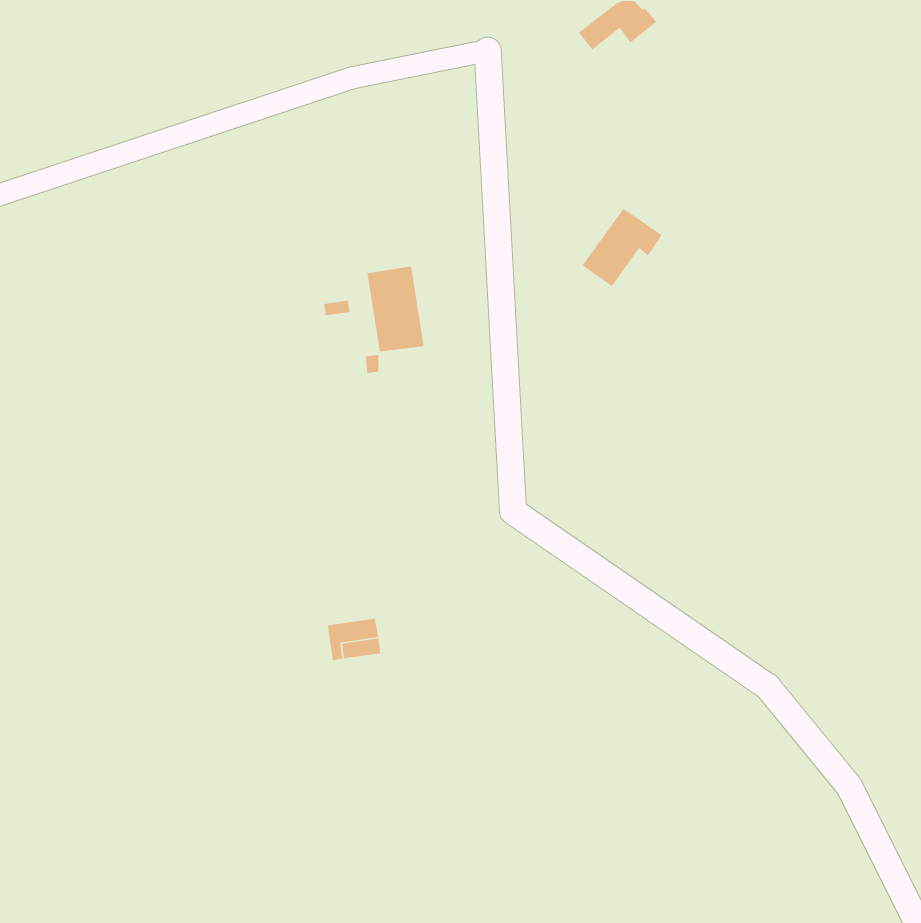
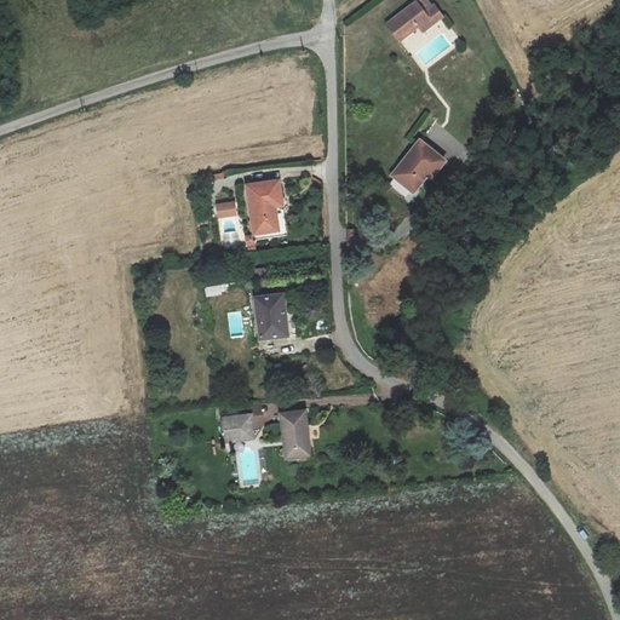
building: none -> [253,293,286,339]
building: none -> [280,411,310,460]

